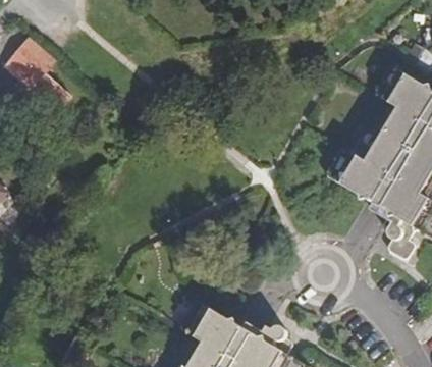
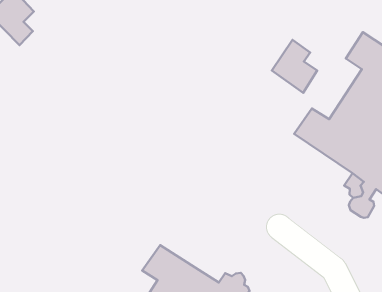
building: none -> [272,40,317,93]

